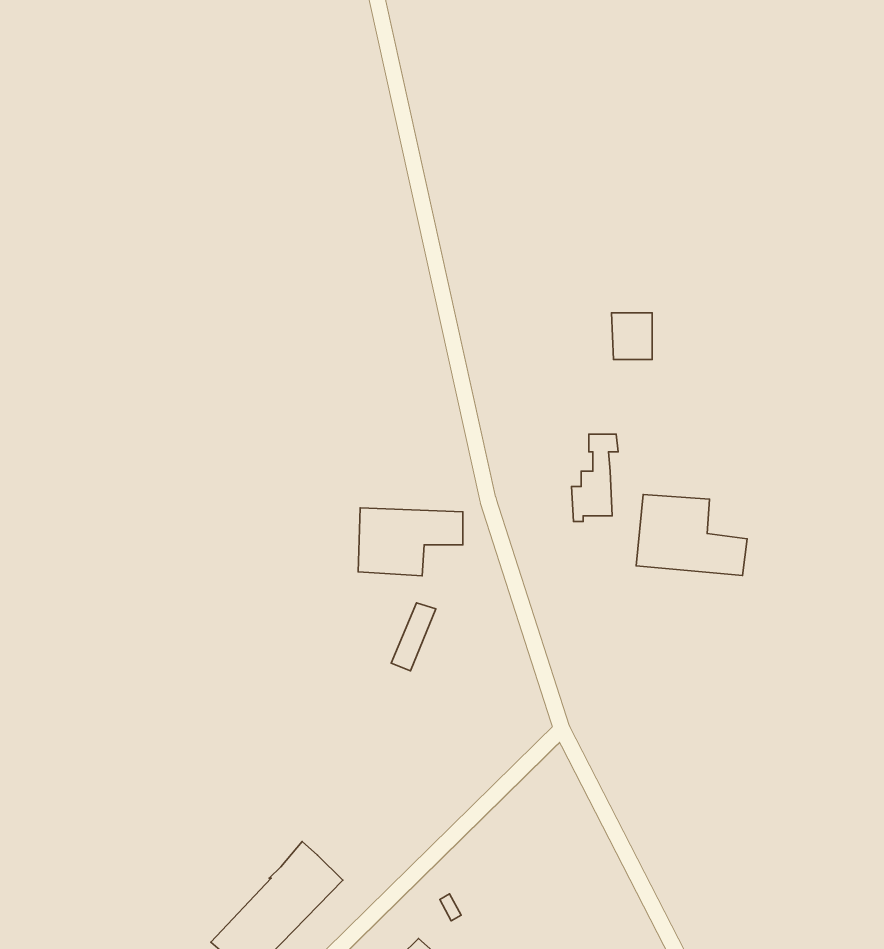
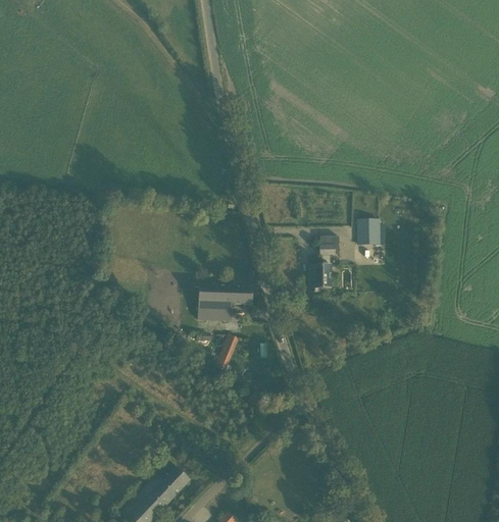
building: [611,313,652,359] -> [357,221,379,246]
building: [636,495,747,575] -> none

